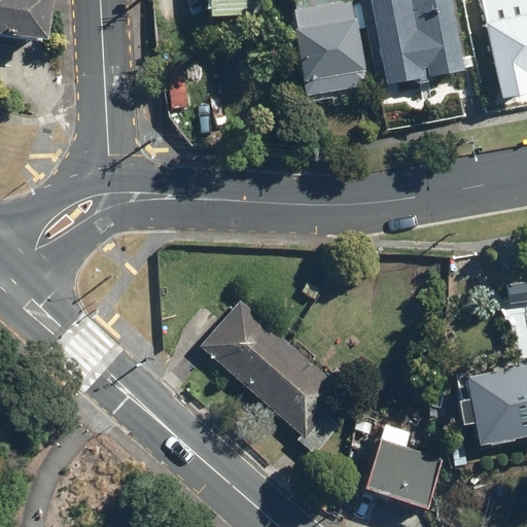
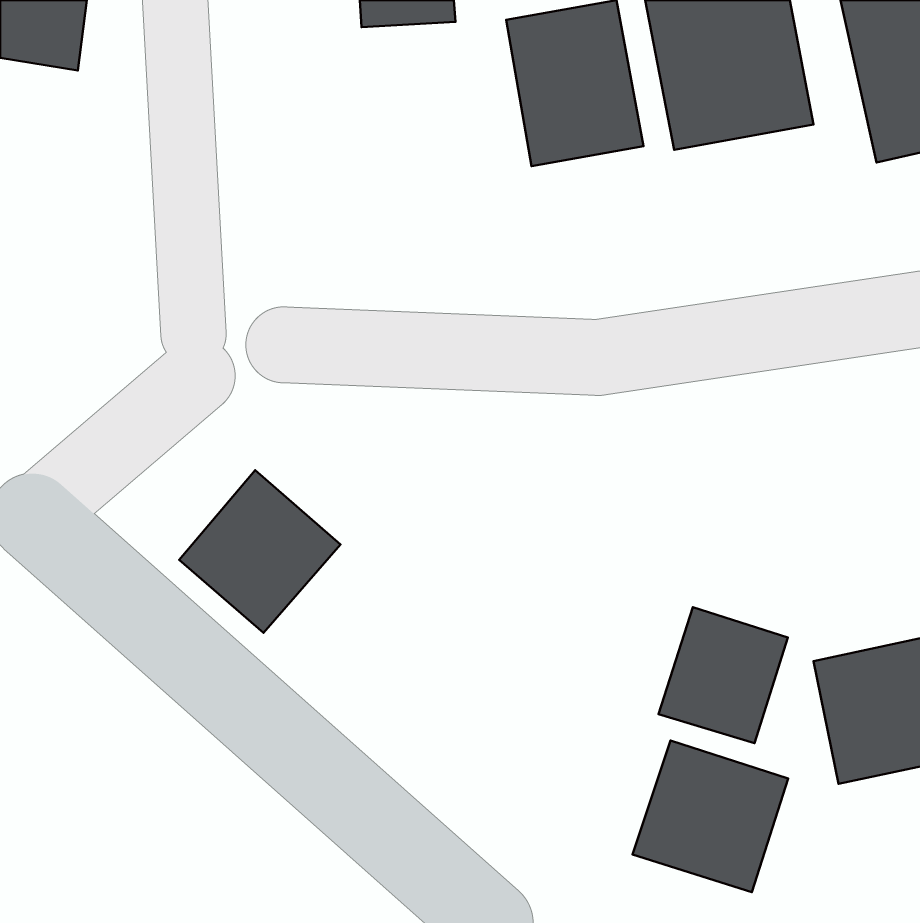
building: none -> [179,470,341,633]
building: [198,298,342,435] -> none
building: none -> [659,607,788,743]

